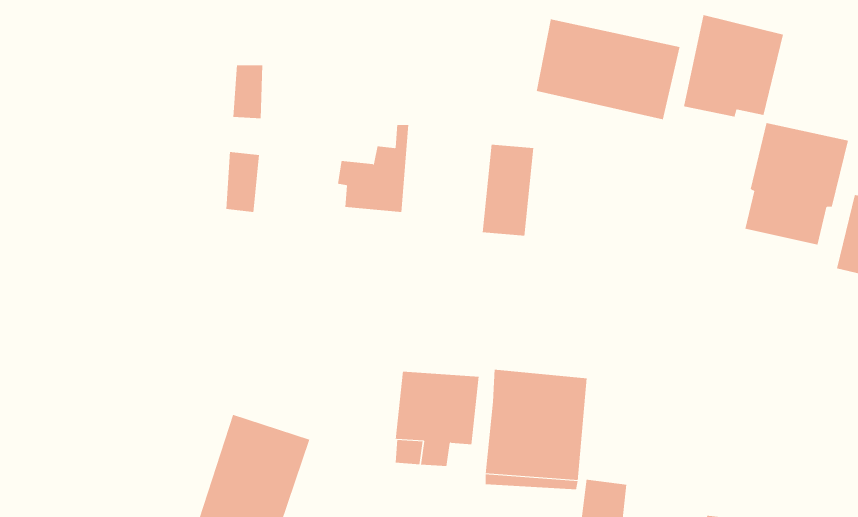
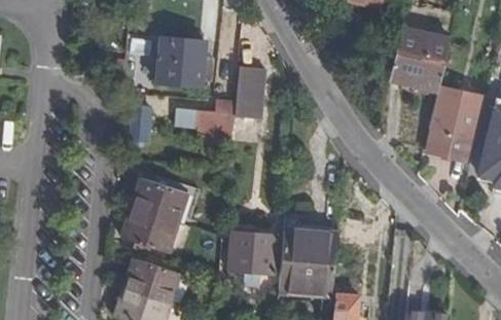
building: [536,19,680,120] -> none
building: none -> [155,37,211,87]
building: [482,144,534,236] -> [235,64,264,116]
building: none -> [121,176,186,251]

